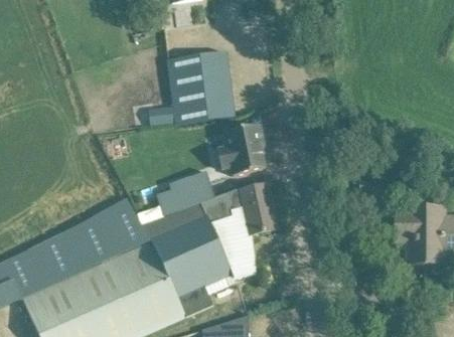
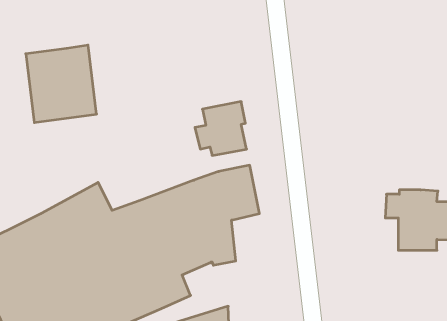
building: [167,50,234,123] -> [26,45,97,123]
building: [170,170,215,210] -> none

